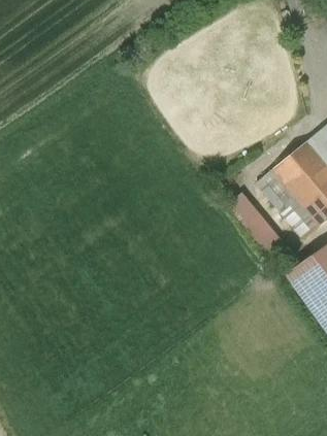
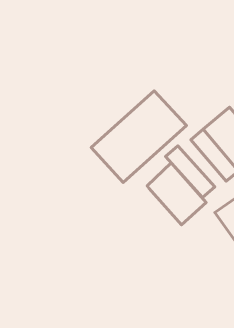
building: none -> [91,91,186,182]
building: none -> [147,163,206,225]

